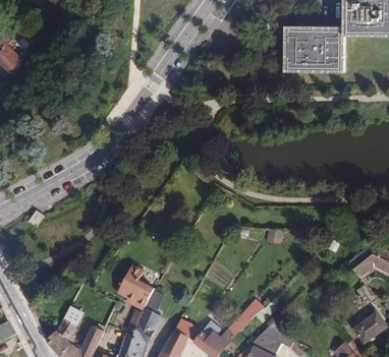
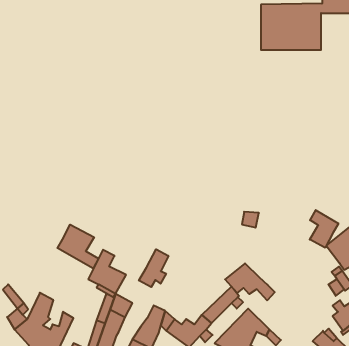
building: none -> [310,210,338,248]
building: none -> [57,225,99,268]
building: none -> [139,249,168,287]
building: none -> [225,263,275,300]

